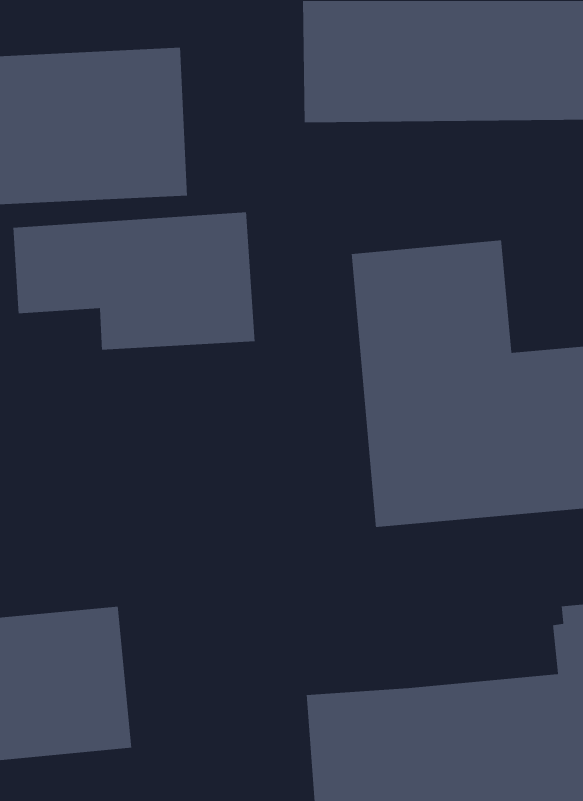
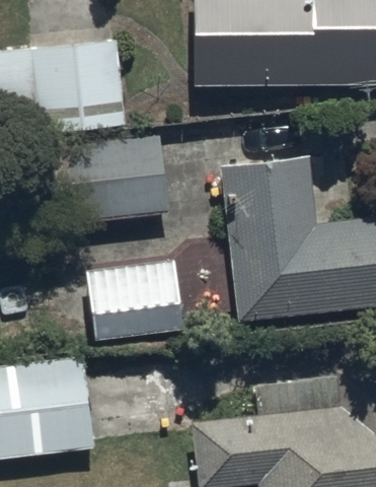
building: none -> [90,263,180,339]

